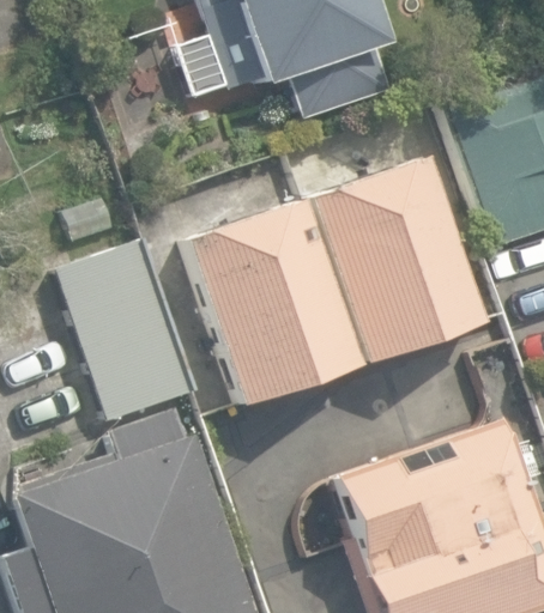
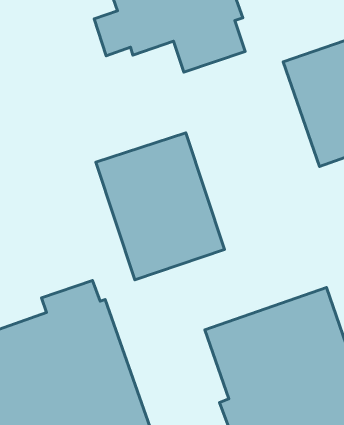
building: [309,156,484,364] -> none
building: [58,239,197,421] -> none

